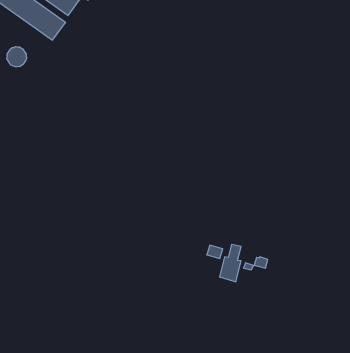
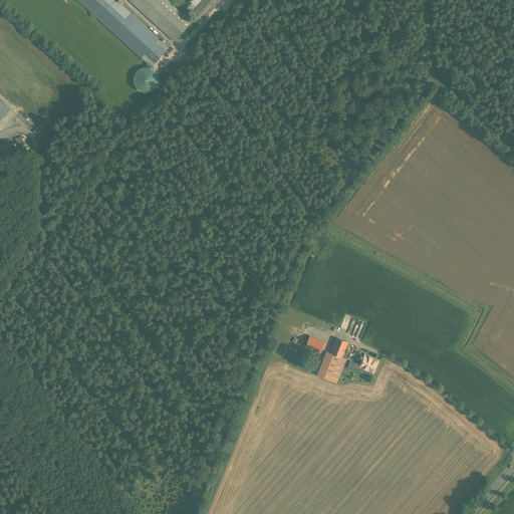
building: [7,47,27,67] -> [133,65,157,89]

